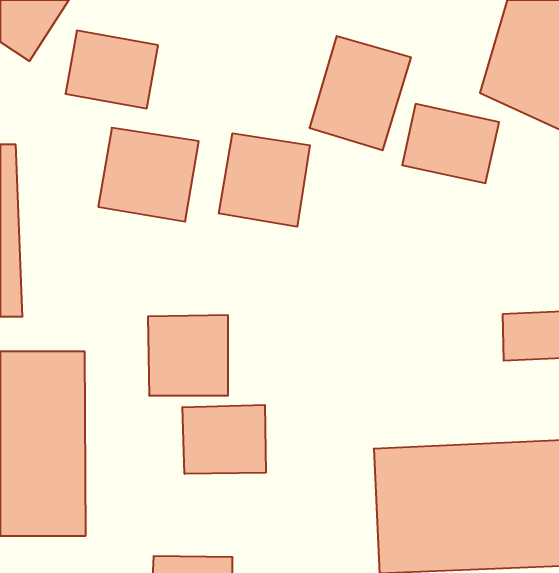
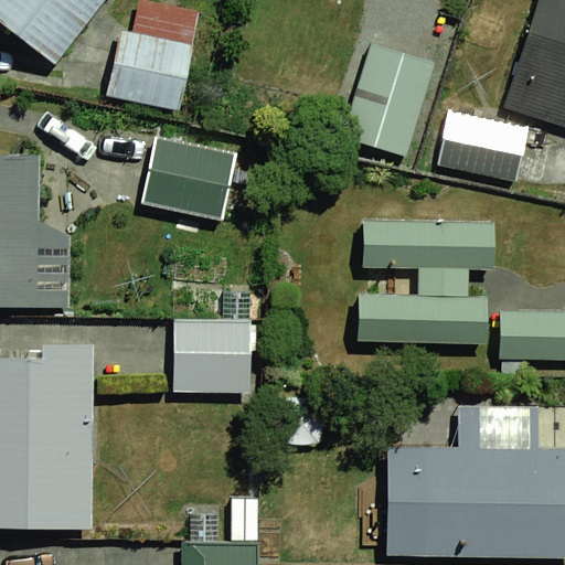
building: [219,133,310,227] -> none
building: none -> [331,216,492,345]
building: [182,405,266,474] -> none

